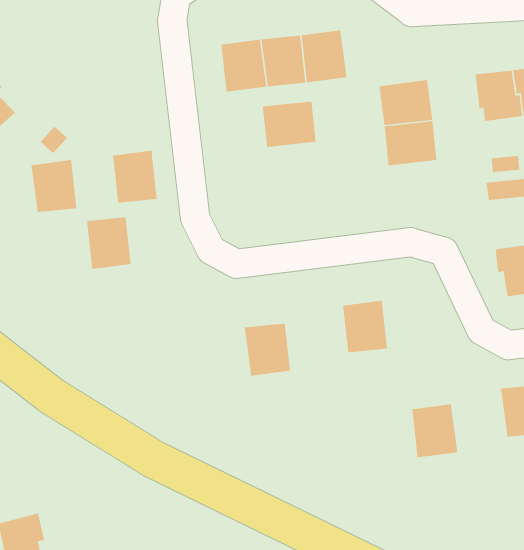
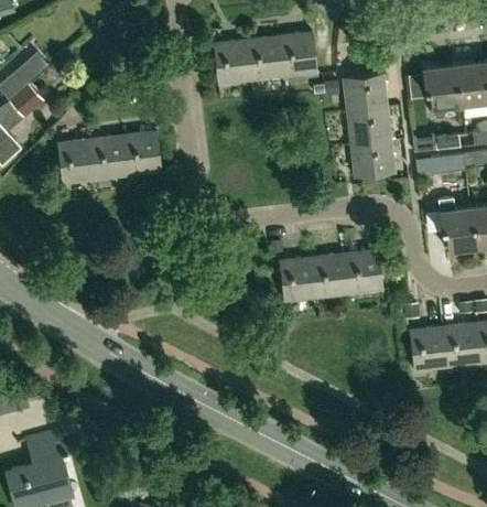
building: [262,101,316,148] -> none
building: none -> [349,140,394,179]
building: [86,216,131,270] -> [89,136,127,180]
building: none -> [345,250,383,295]
building: [244,323,291,376] -> [278,259,316,303]
building: [411,403,458,458] -> [409,327,447,373]

